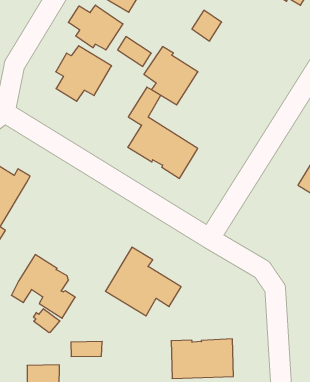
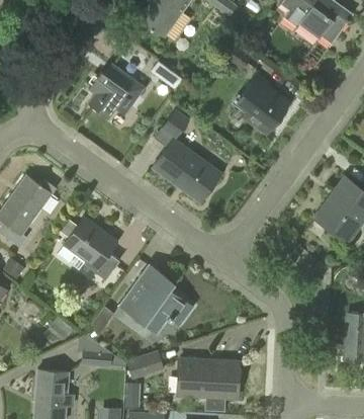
building: [68,5,123,50] -> none
building: [144,47,198,105] -> [238,76,290,134]
building: [11,255,75,318] -> [58,217,119,280]
building: none -> [126,351,164,379]

